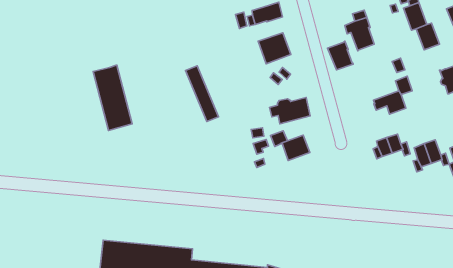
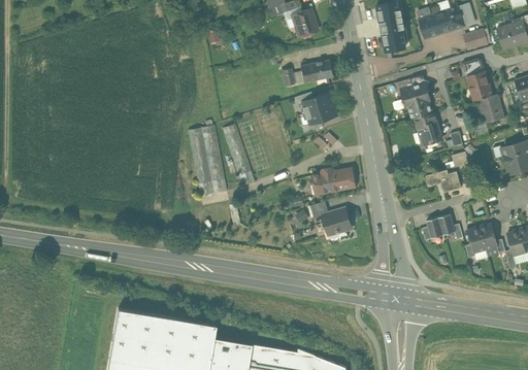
building: [328,41,353,70] -> [414,112,440,143]
building: [93,65,132,130] -> [187,125,226,196]

